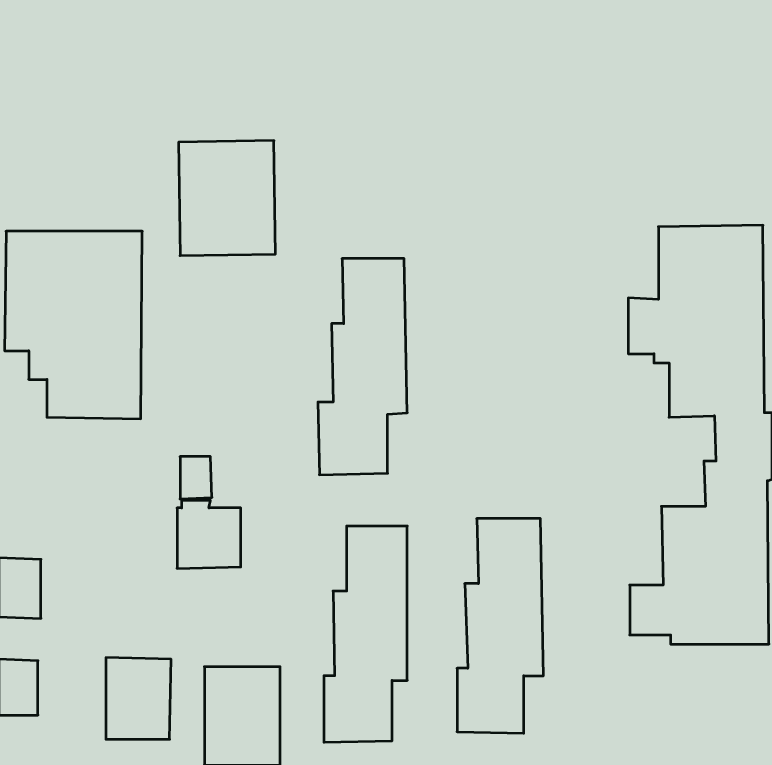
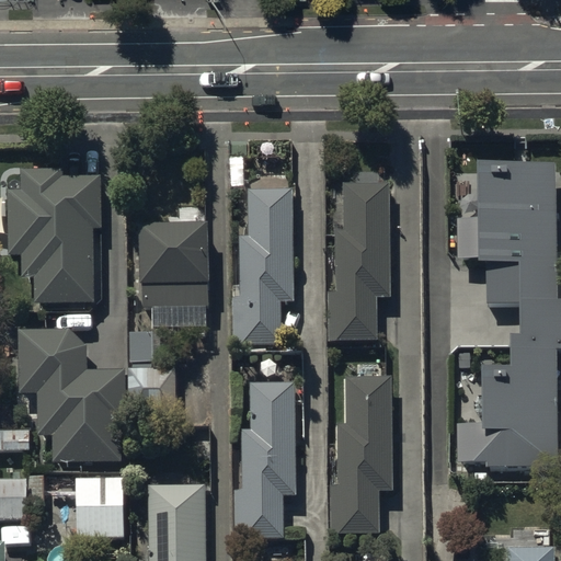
building: [179,141,275,256] -> [140,222,210,306]
building: none -> [328,181,390,336]
building: none -> [19,329,126,460]

